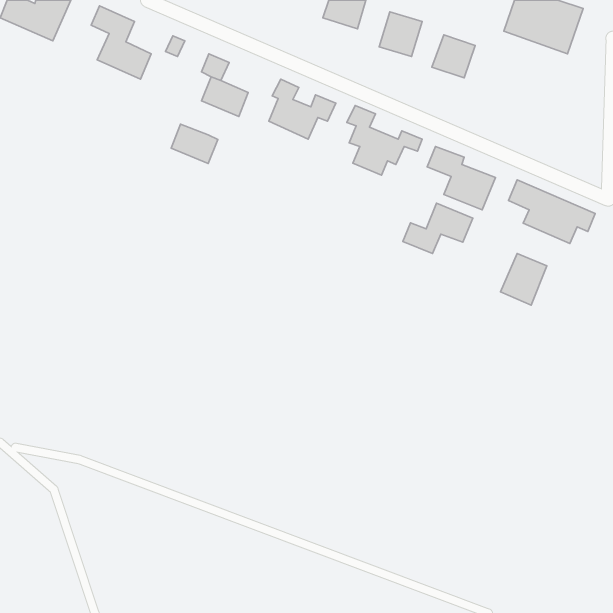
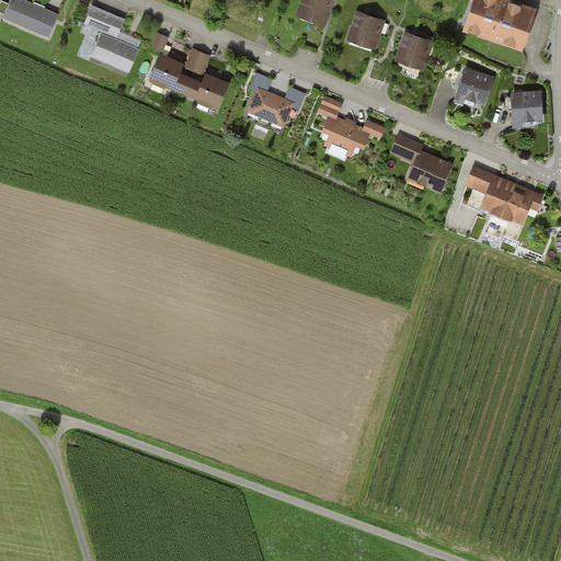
building: none -> [453,66,494,112]
building: none -> [510,91,542,128]
building: [171,124,218,164] -> [150,56,193,92]
building: [403,203,473,253] -> none
building: [501,254,547,305] -> none

